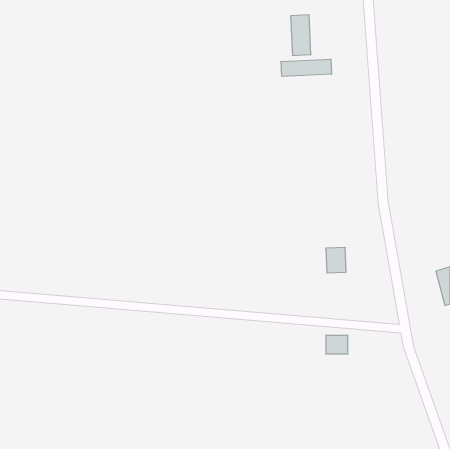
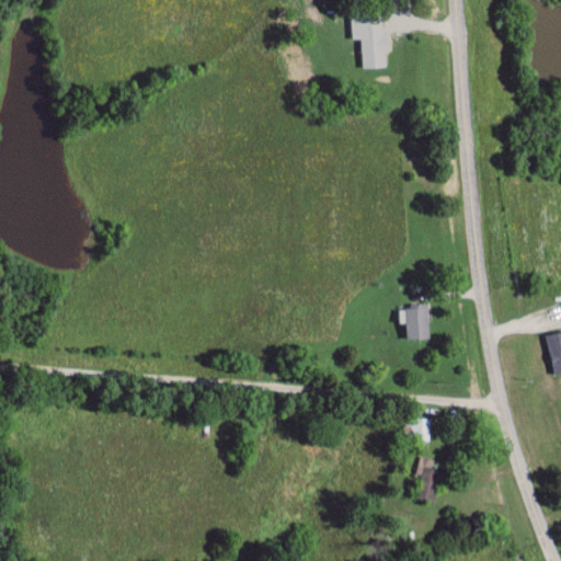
building: [281,59,331,76] -> none
building: none -> [415,456,445,489]

